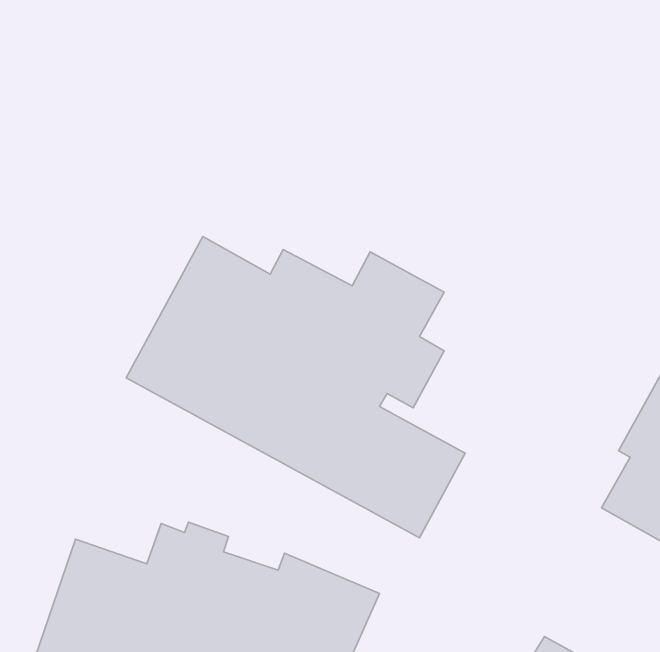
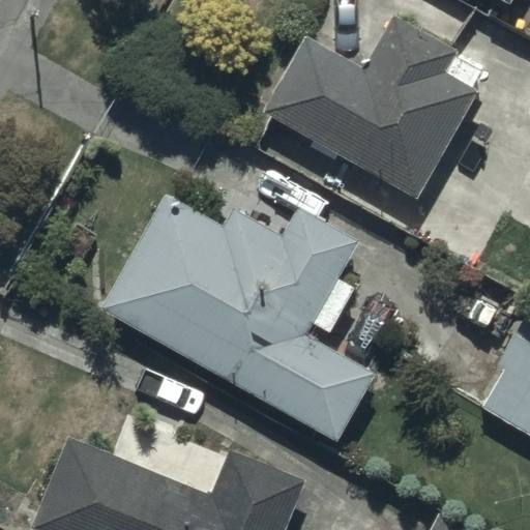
building: none -> [263,18,484,199]

